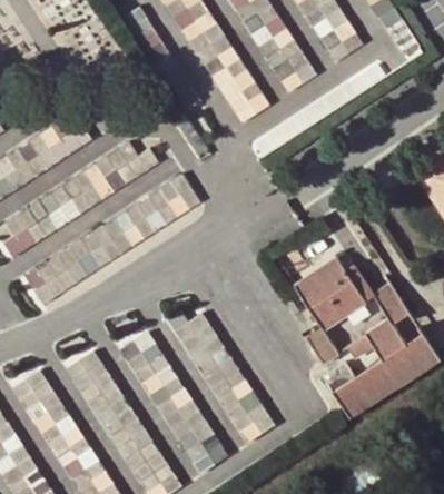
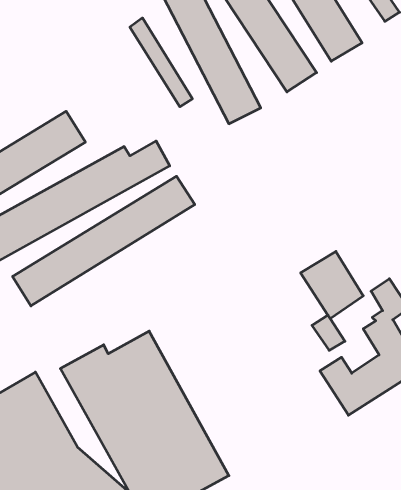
building: [168,305,276,445] -> none

